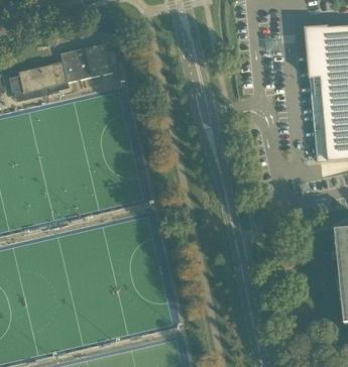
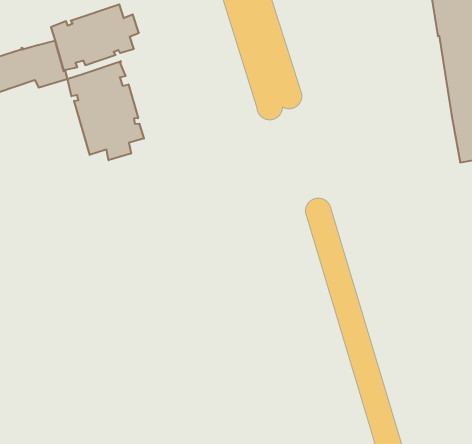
building: none -> [67,61,144,160]

